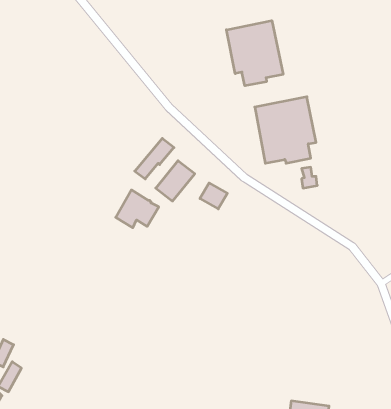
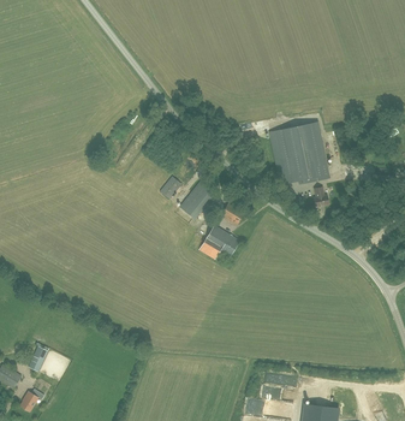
building: [226,21,283,86] -> none
building: [116,190,159,228] -> [199,224,239,259]

